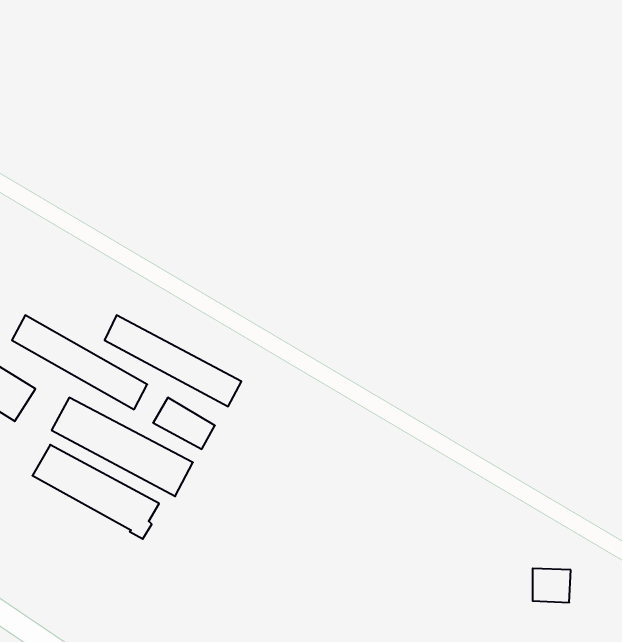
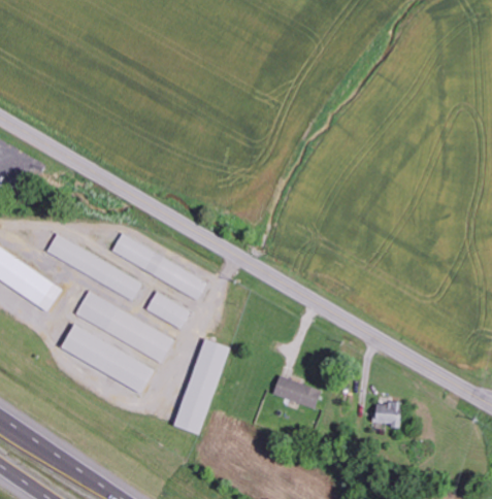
building: none -> [174,338,229,434]
building: none -> [273,377,321,407]
building: [533,568,571,602] -> [375,402,402,426]

